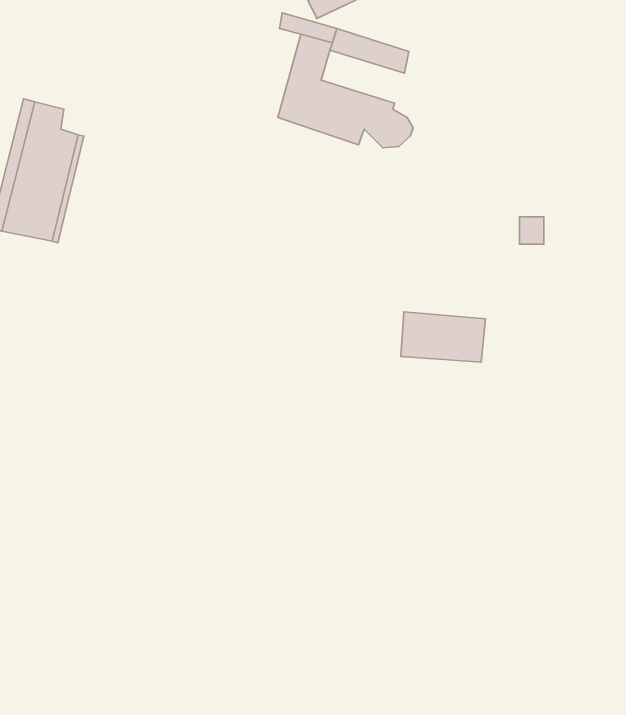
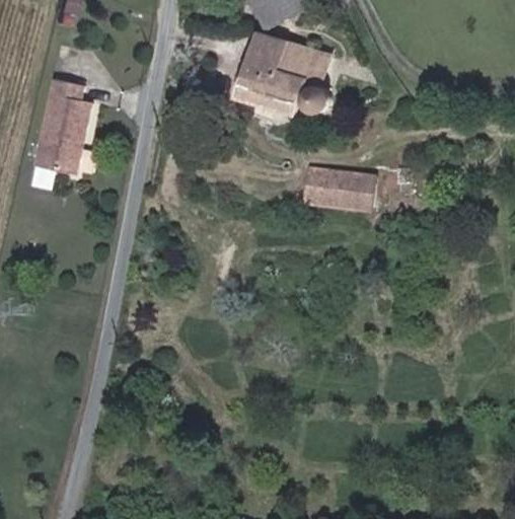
building: none -> [265,45,323,82]
building: [401,312,486,362] -> [308,173,368,209]

